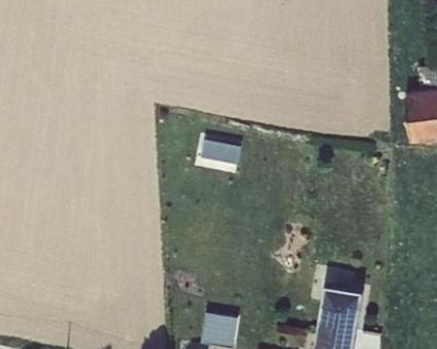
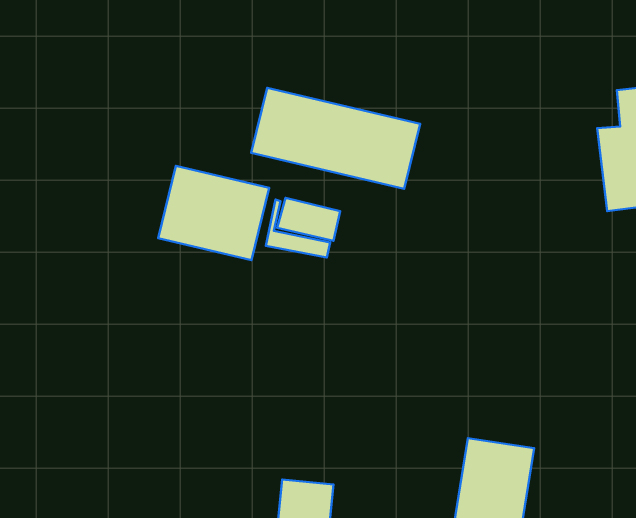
building: none -> [251,88,420,189]
building: none -> [158,166,269,260]

